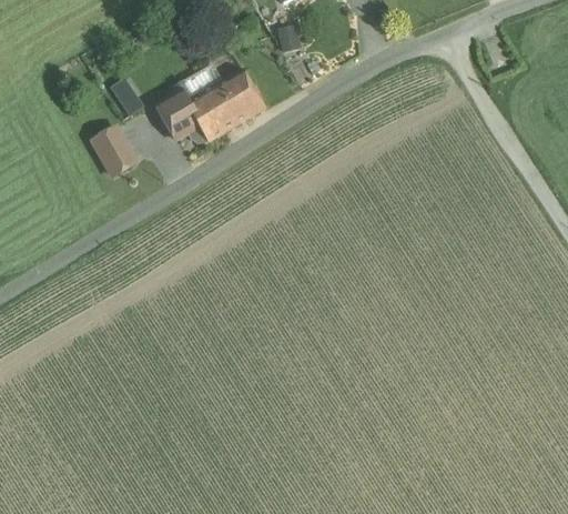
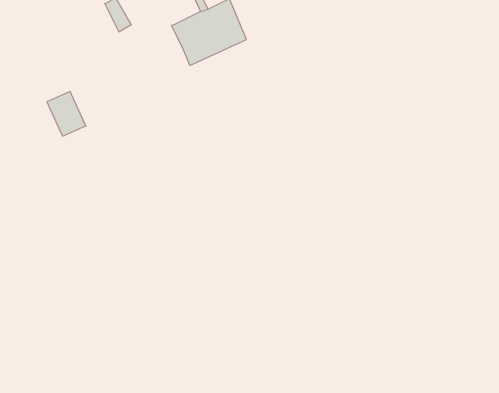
building: [154,89,196,138] -> none
building: [90,127,133,174] -> [47,91,86,136]

